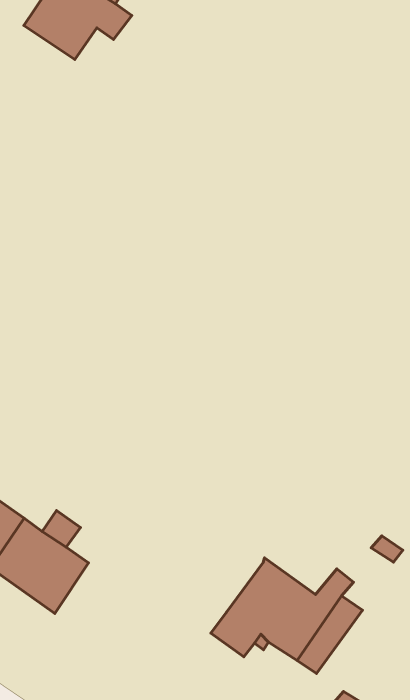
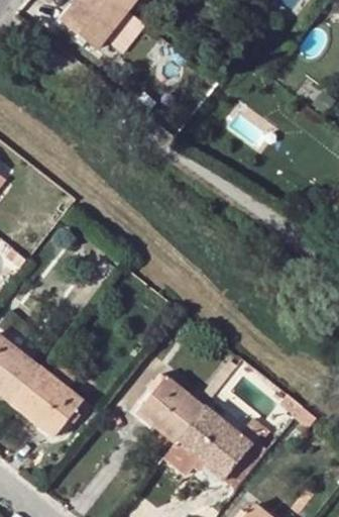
building: none -> [137,379,203,442]

